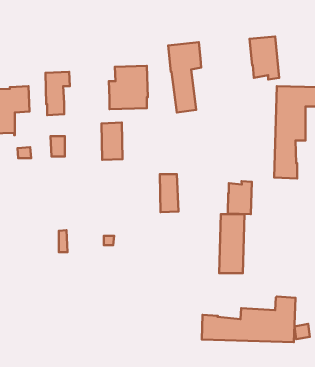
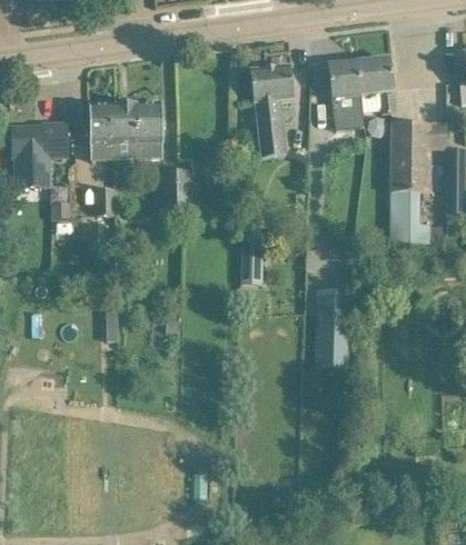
building: none -> [328,59,360,117]
building: [109,66,148,109] -> [112,101,163,158]
building: [228,181,252,214] -> none
building: [202,297,296,342] -> none

